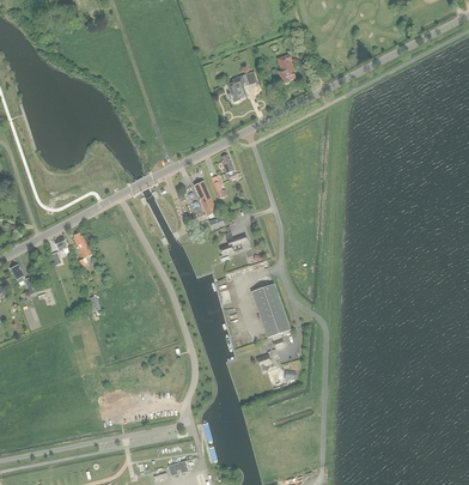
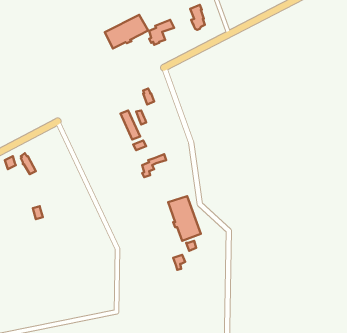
building: none -> [105,15,148,48]

